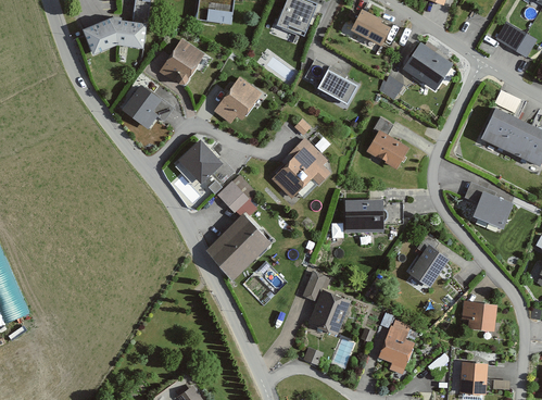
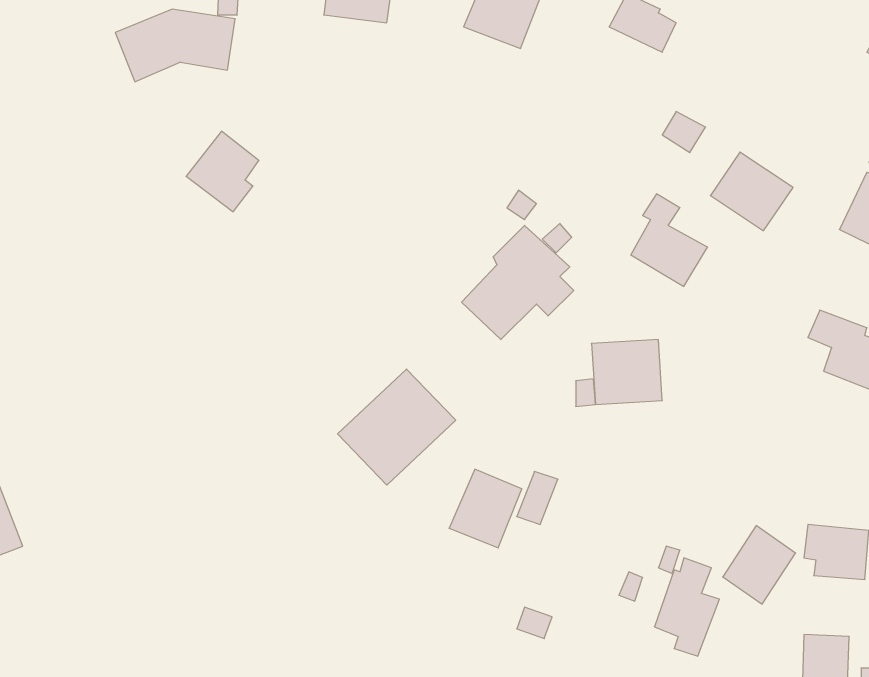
building: [161,38,203,84] -> none
building: [407,42,453,86] -> [710,152,793,231]
building: [322,67,358,99] -> none
building: [214,76,261,123] -> none
building: [177,138,222,183] -> none
building: [217,175,255,213] -> none
building: [408,246,449,289] -> [723,526,796,604]
building: [310,291,350,335] -> [449,469,522,548]

